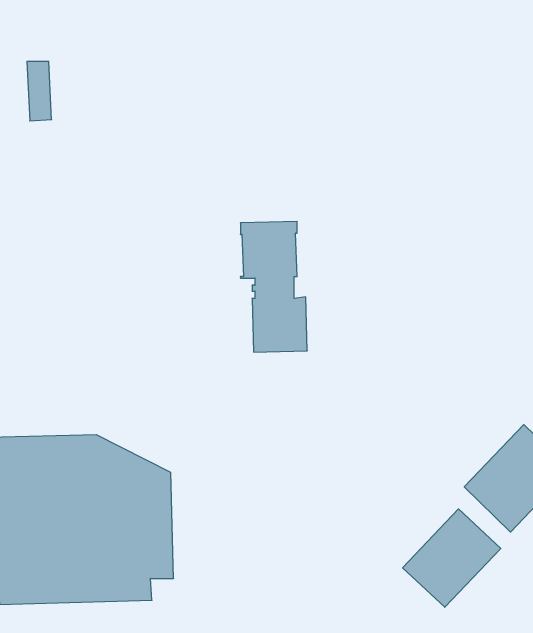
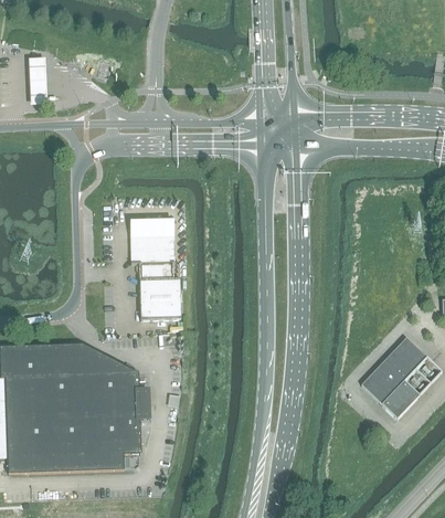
building: [240,221,307,352] -> [130,220,181,319]
building: [403,509,501,607] -> none

